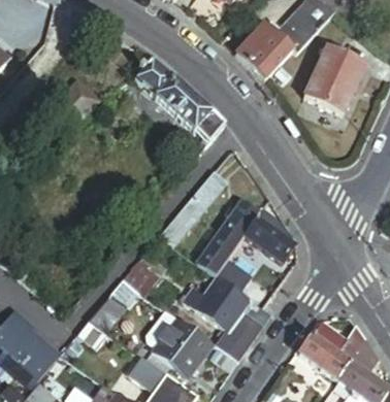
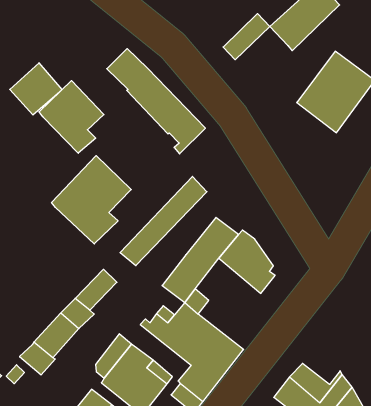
building: [247,33,291,79] -> none
building: none -> [39,81,104,153]
building: none -> [52,156,131,244]

